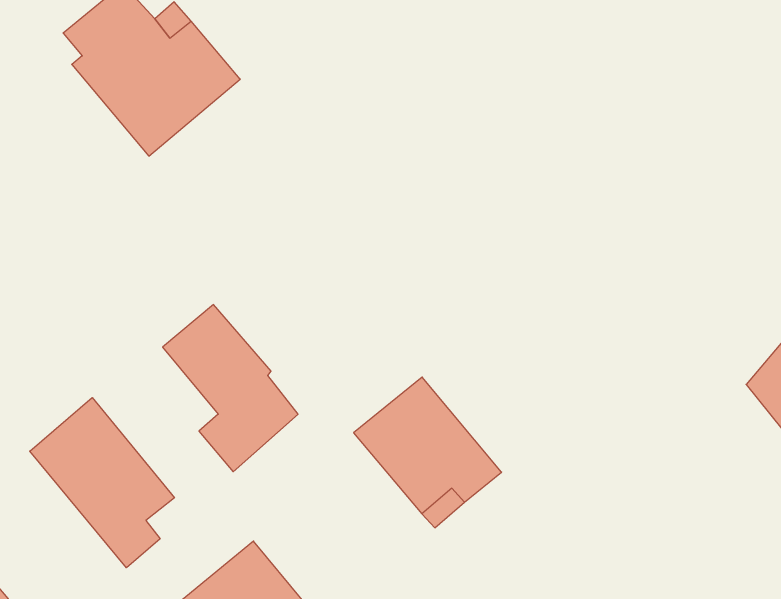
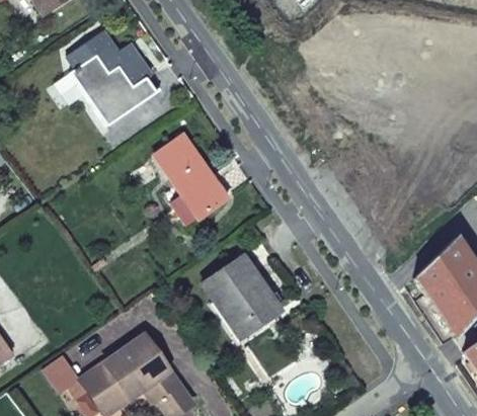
building: [163,305,298,472] -> [156,135,225,225]
building: [30,398,174,568] -> none

